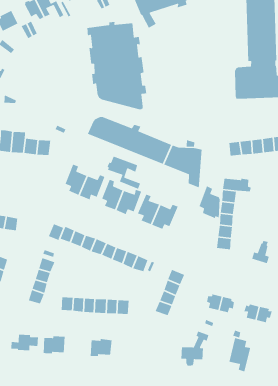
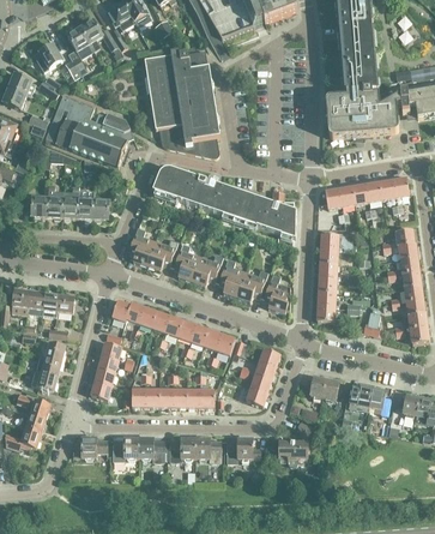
building: none -> [55,92,133,167]
building: [106,156,141,190] -> none
building: [198,185,221,219] -> [264,272,290,313]
building: none -> [139,437,164,460]
building: [228,337,251,373] -> none
building: none -> [195,438,222,461]
building: none -> [228,438,261,462]

